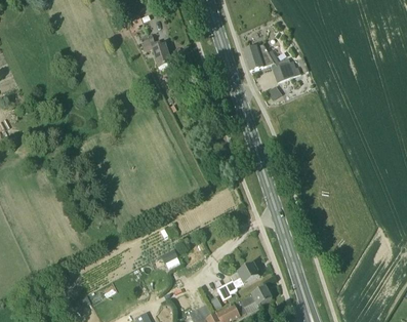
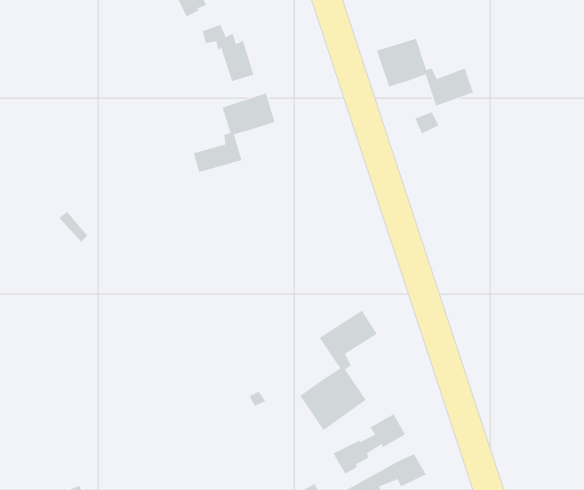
building: none -> [193,93,275,173]
building: none -> [299,310,378,431]

